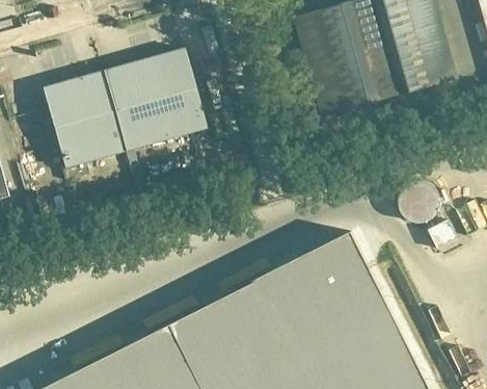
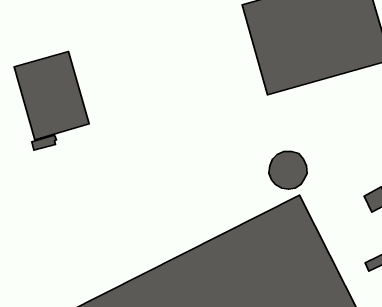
building: [101,49,202,151] -> none
building: [396,183,438,225] -> [269,152,307,189]

